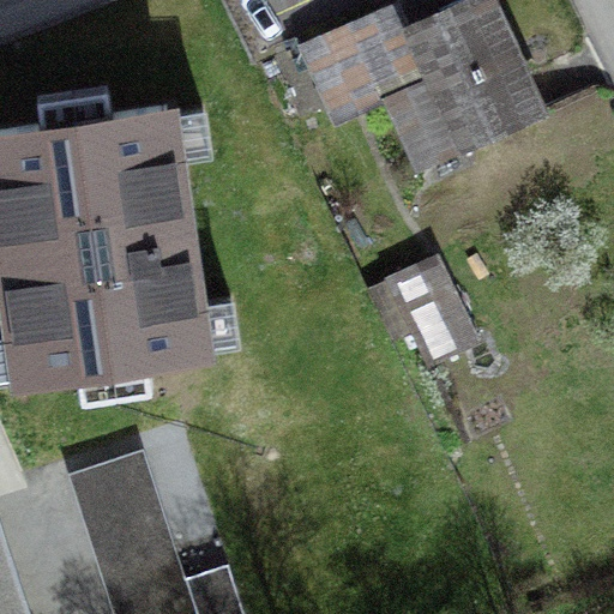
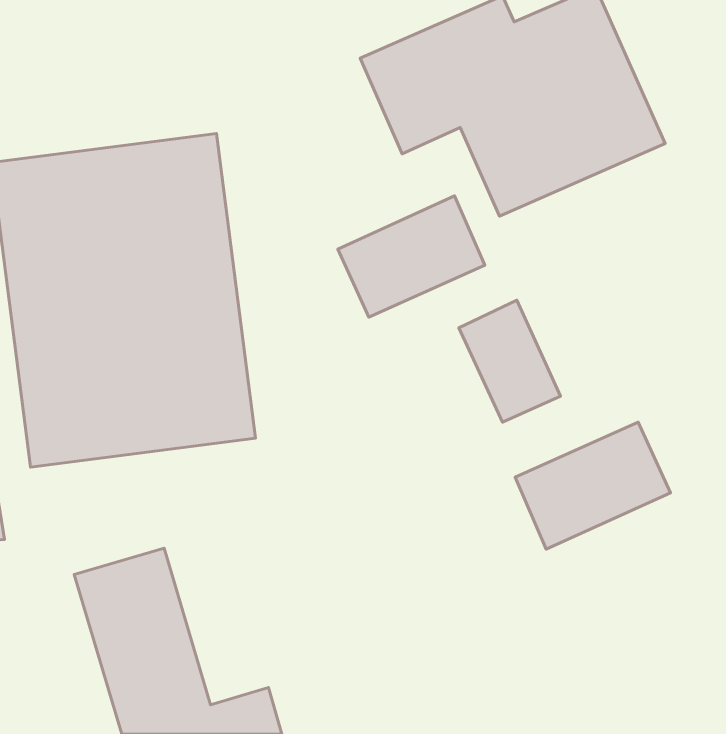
building: none -> [338,196,485,317]
building: none -> [515,422,670,549]

